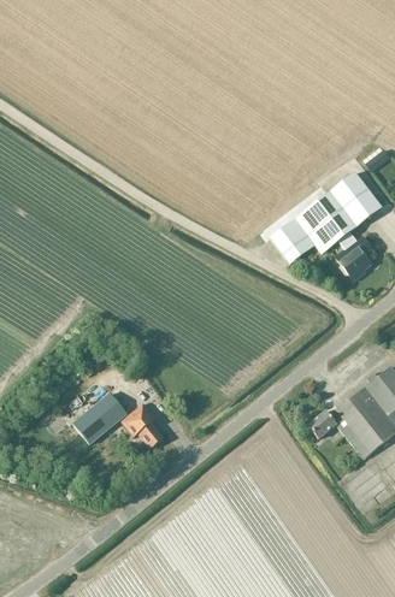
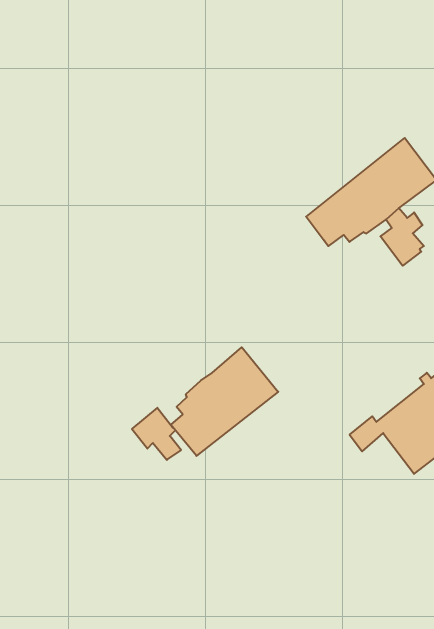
building: none -> [171,347,278,456]
building: [73,392,128,444] -> none

